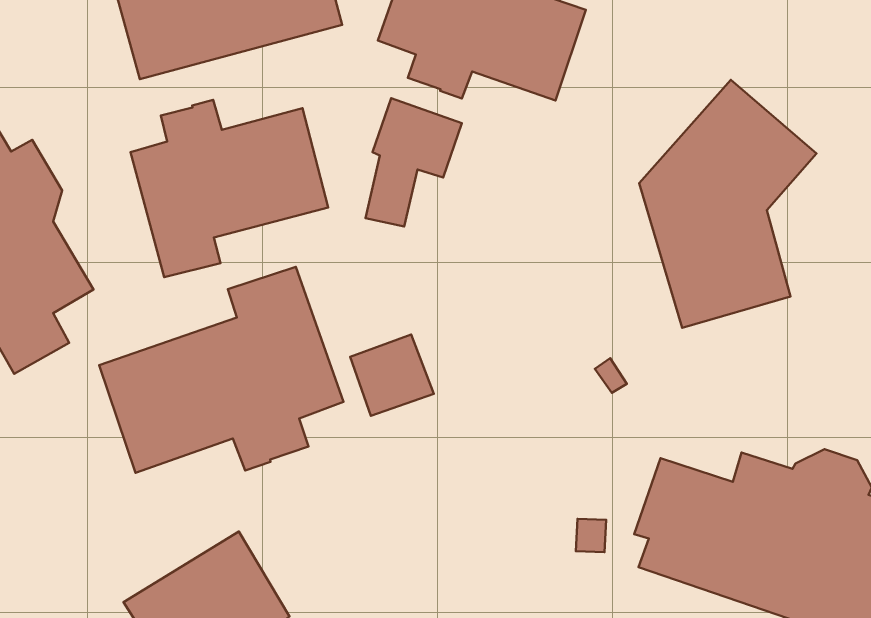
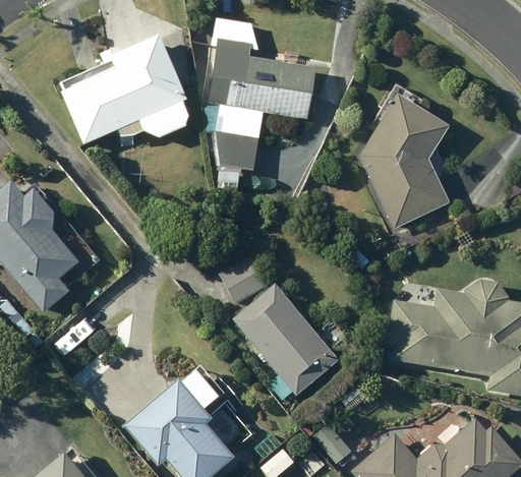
building: [130,100,328,277] -> none
building: [99,267,344,473] -> none
building: none -> [232,283,338,401]

